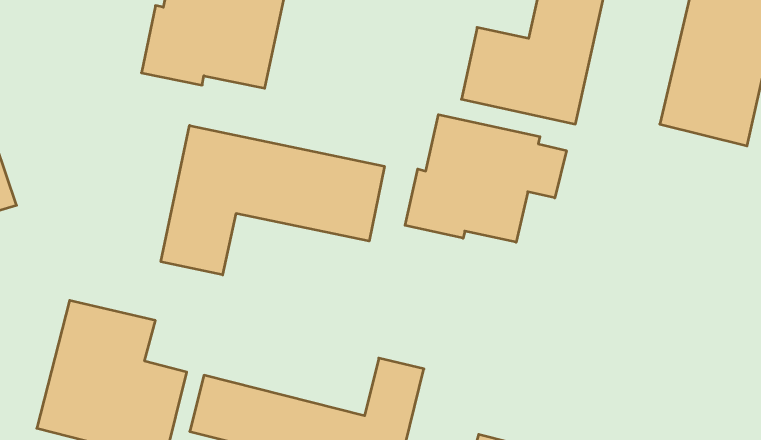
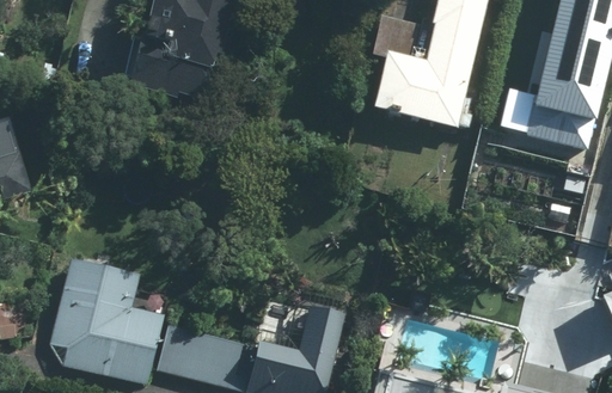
building: [405,115,566,242] -> none
building: [161,125,384,275] -> none

